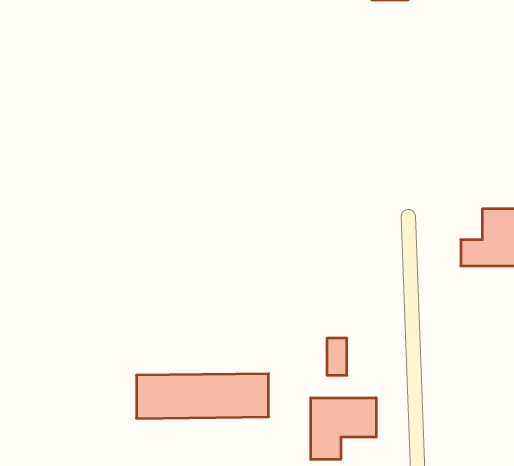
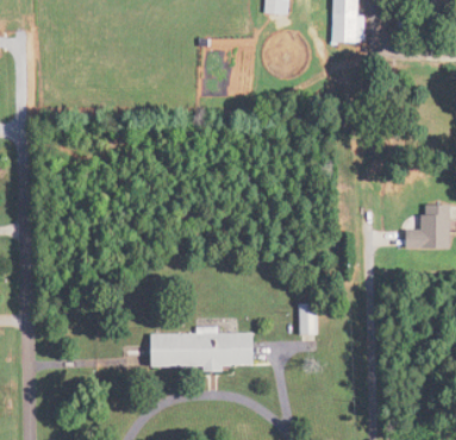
building: [311,398,376,459] -> none

